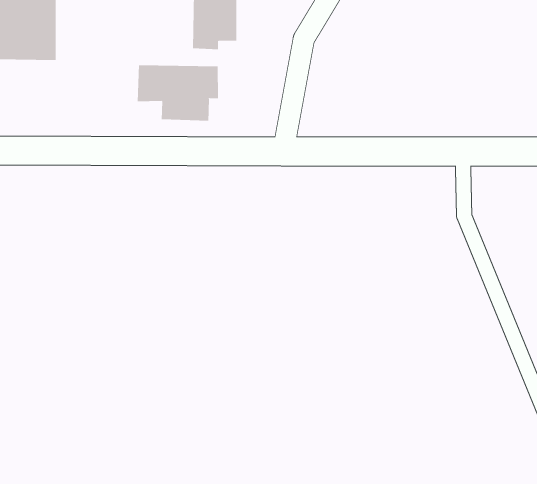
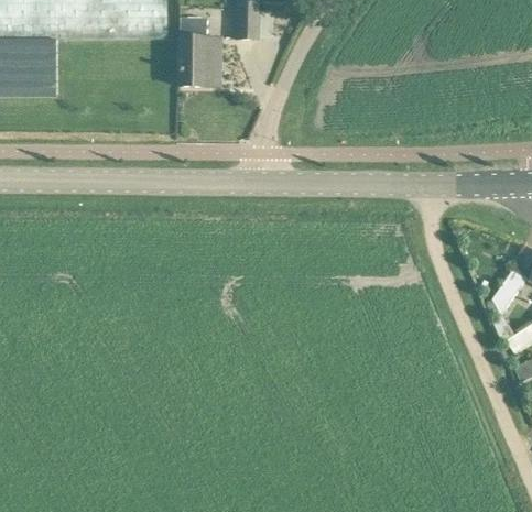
building: [137,65,218,121] -> none

